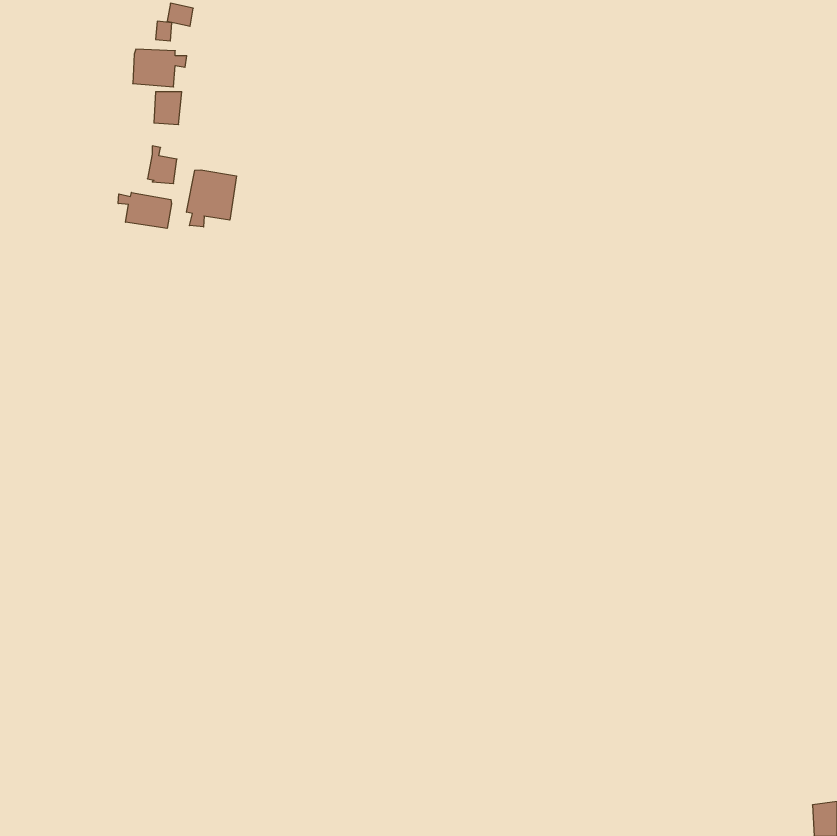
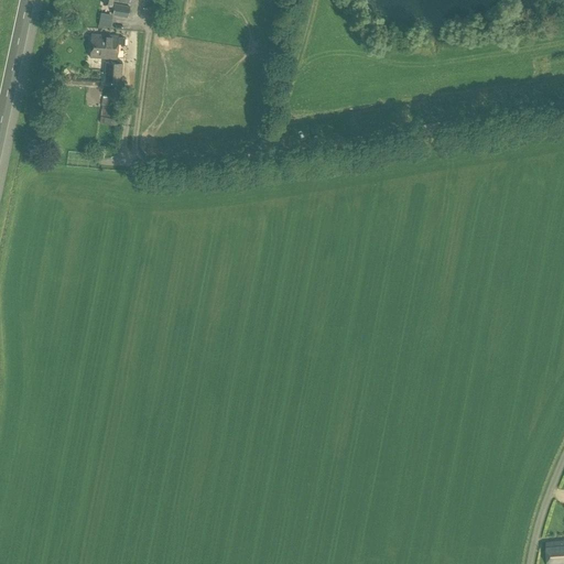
building: [187,170,236,227] -> none
building: [118,192,171,228] -> none

